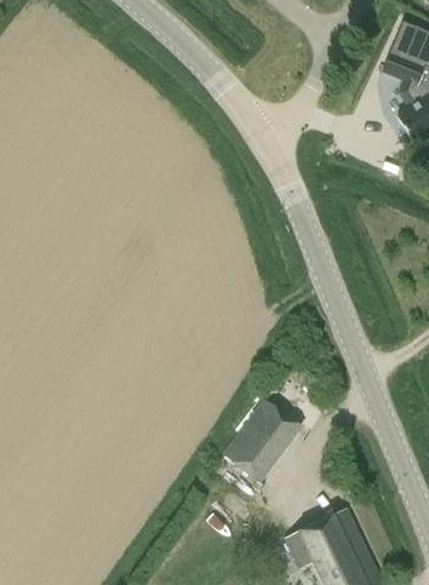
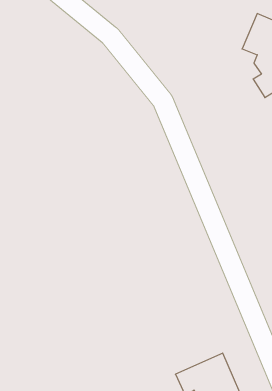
building: [224,400,302,481] -> none

